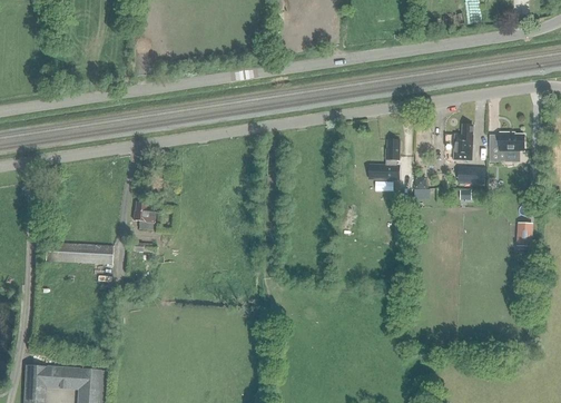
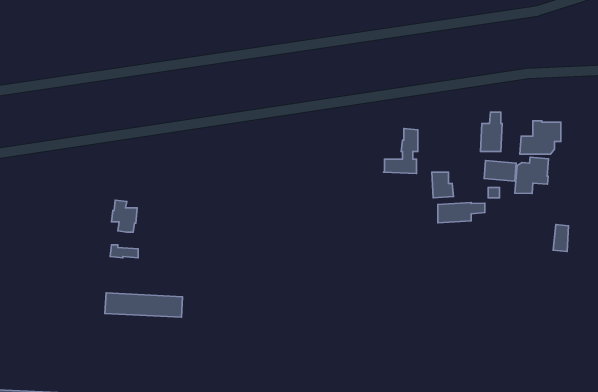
building: none -> [515,157,548,193]
building: none -> [438,202,485,223]
building: [45,243,112,264] -> [105,293,183,317]

